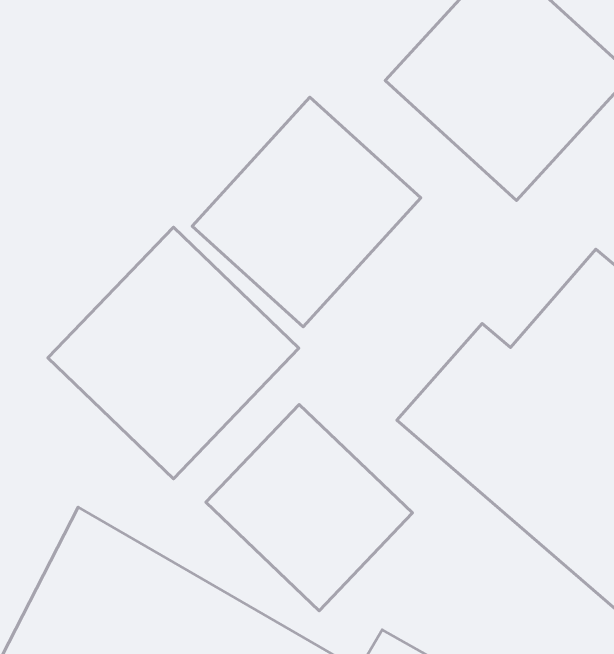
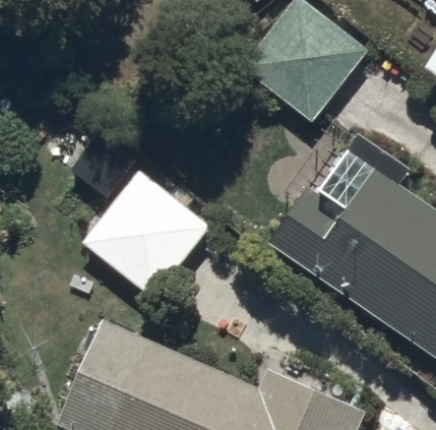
building: [192,97,421,327] -> none
building: [206,405,412,611] -> none

